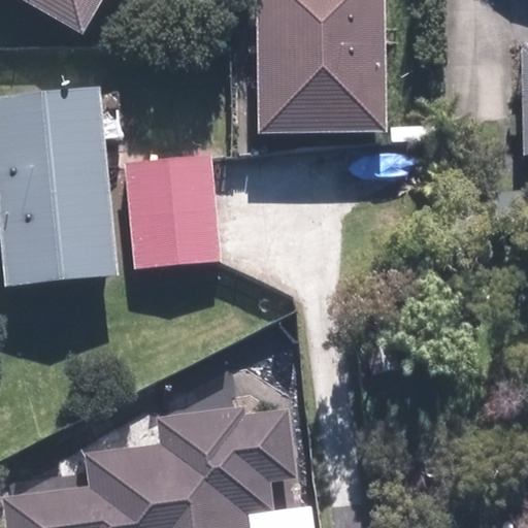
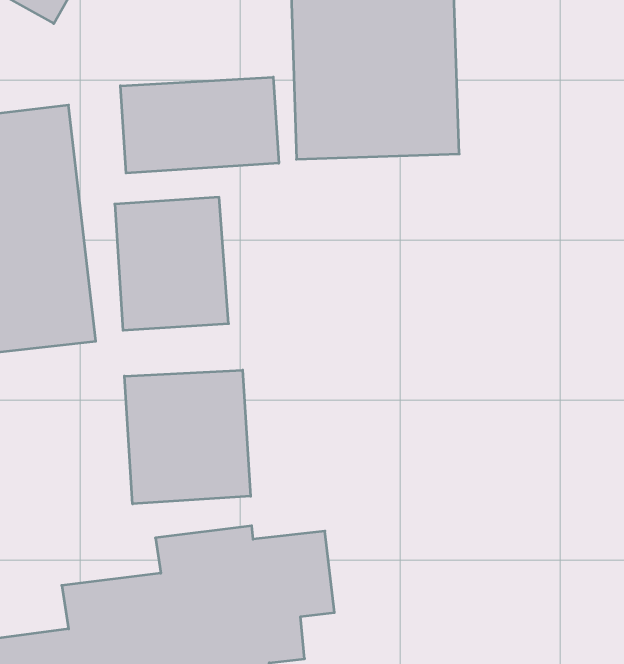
building: none -> [120,77,279,173]
building: none -> [124,370,251,504]

